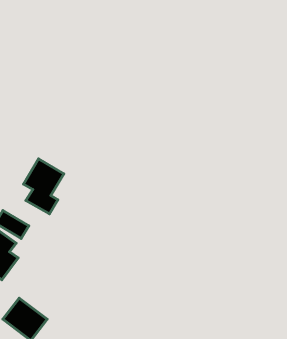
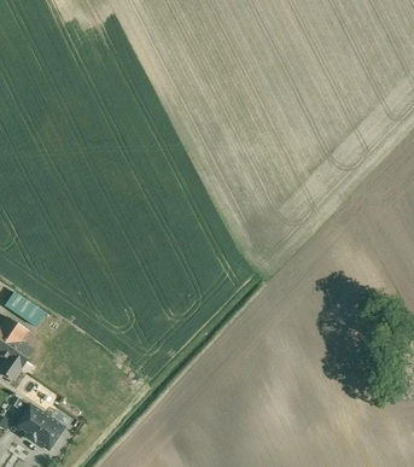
building: [23,159,64,214] -> none

